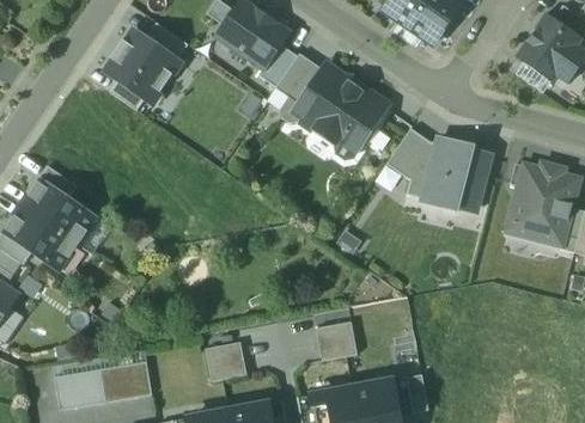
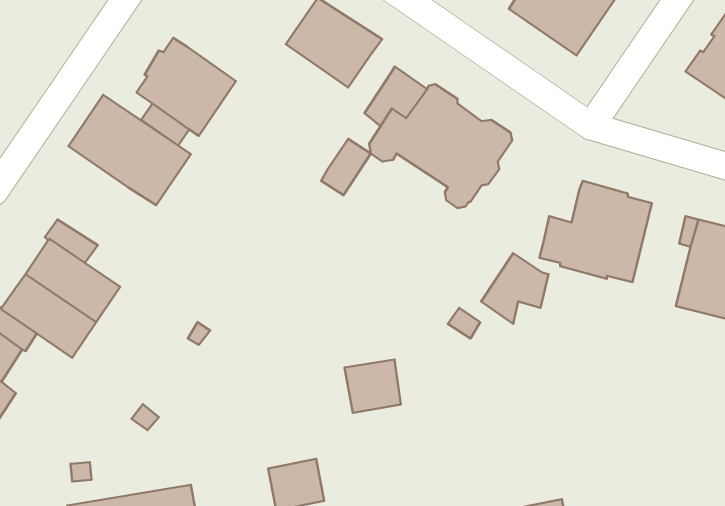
building: [144,22,188,60] -> none
building: [258,44,295,86] -> [321,139,371,195]
building: none -> [68,95,191,205]
building: [385,127,435,179] -> [481,253,549,324]
building: [315,320,357,360] -> [345,360,401,413]

